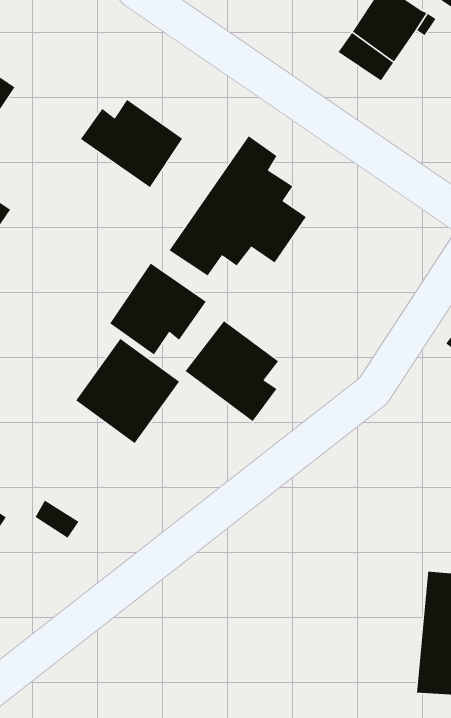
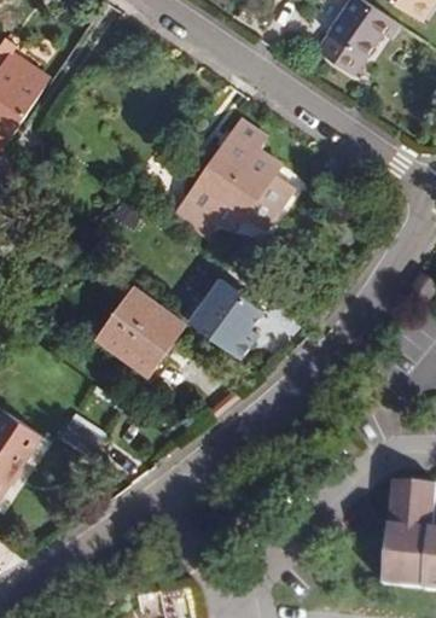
building: [80,99,183,188] -> none
building: [109,262,207,355] -> none

